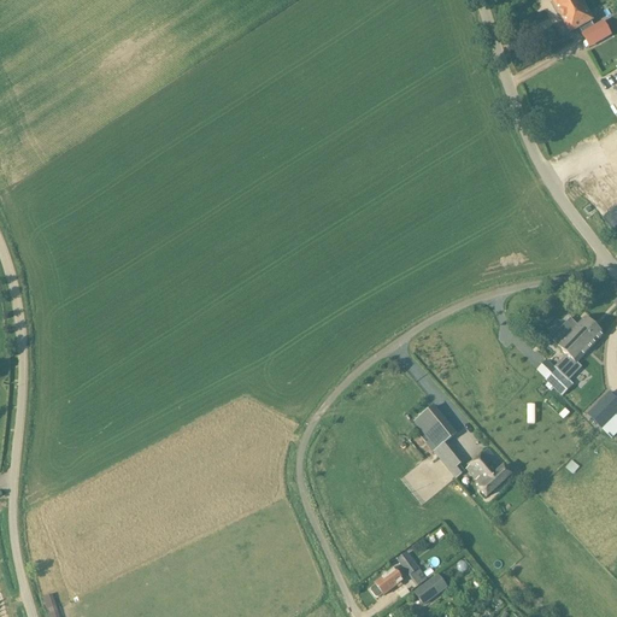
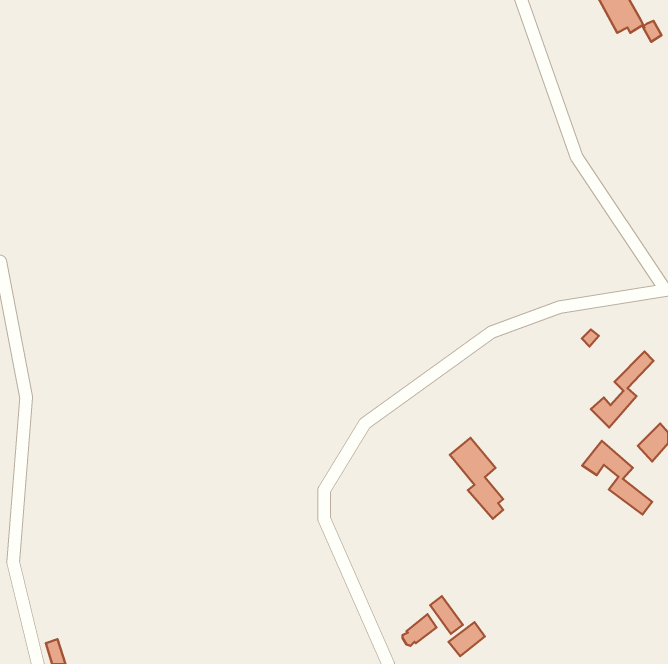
building: [551,315,594,352] -> none
building: none -> [582,441,652,514]
building: [465,447,512,495] -> none

